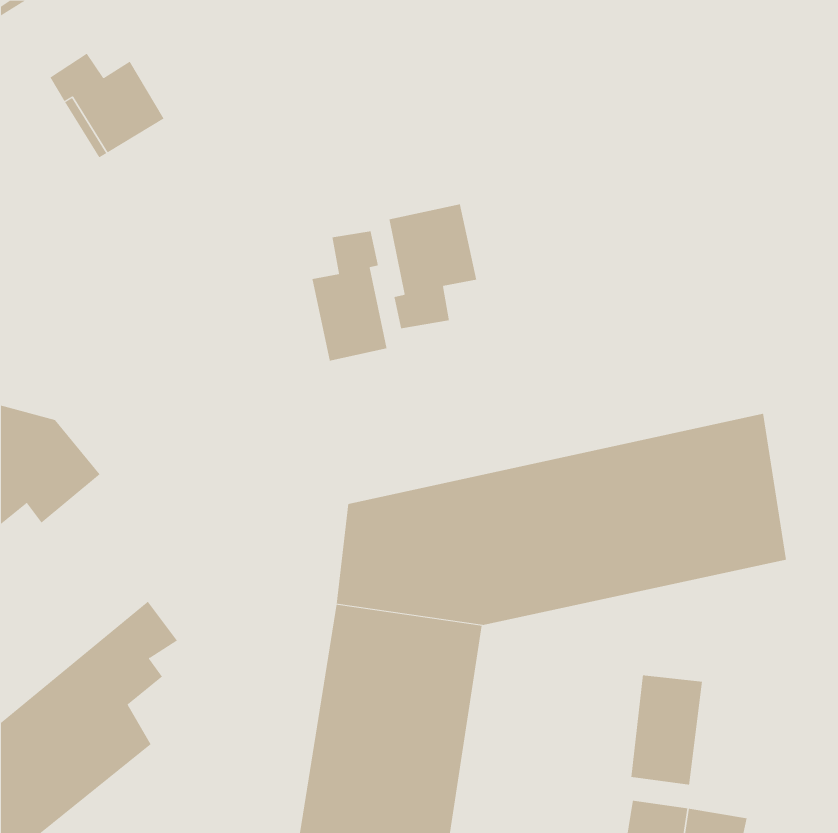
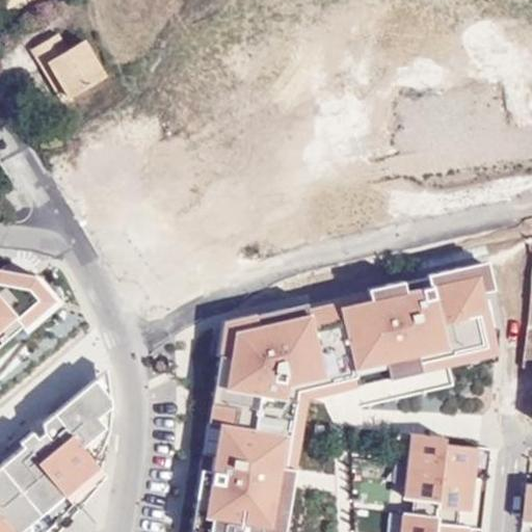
building: [389,203,477,329] -> none
building: [312,230,387,361] -> none
building: none -> [437,435,481,504]

